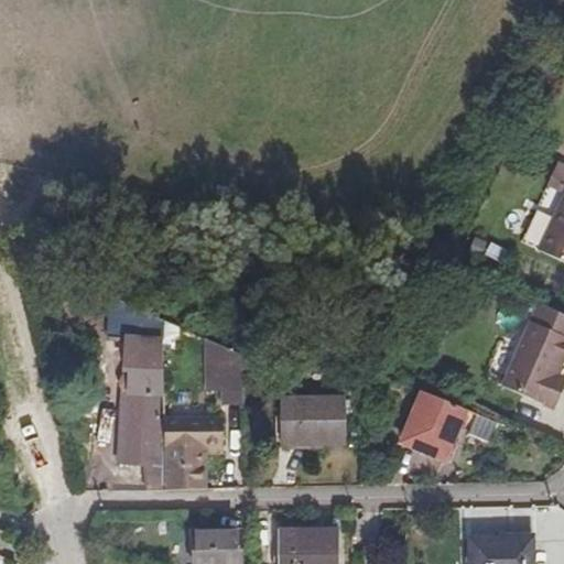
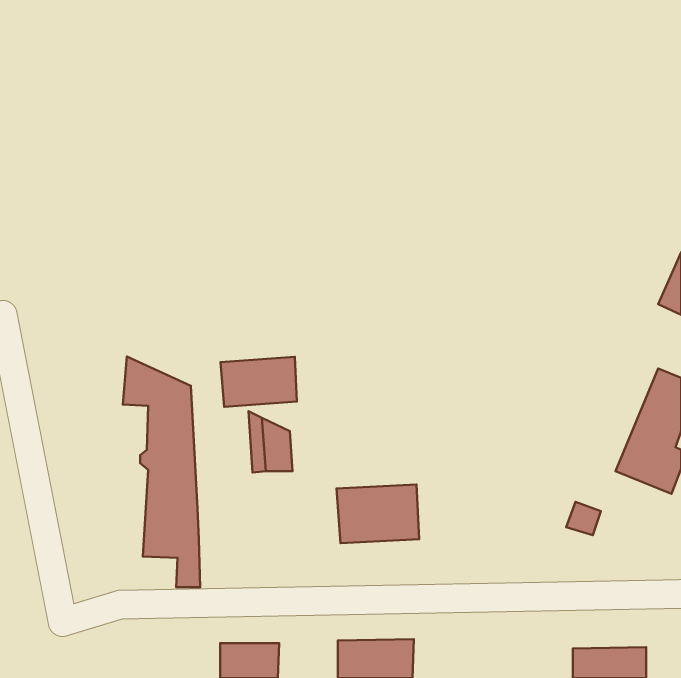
building: none -> [221,357,297,407]
building: [399,392,464,463] -> none
building: [163,420,219,484] -> none

